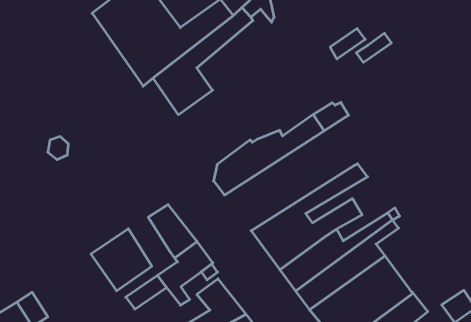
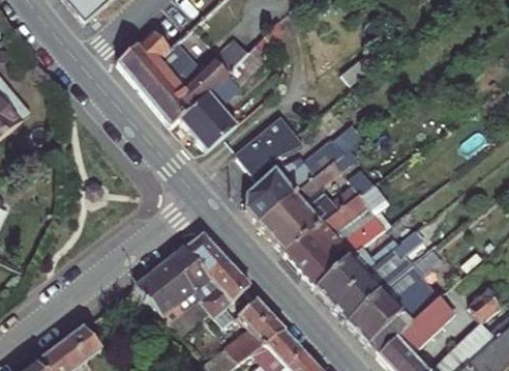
building: none -> [235,114,305,172]
building: none -> [256,159,375,251]
building: none -> [169,247,210,292]

